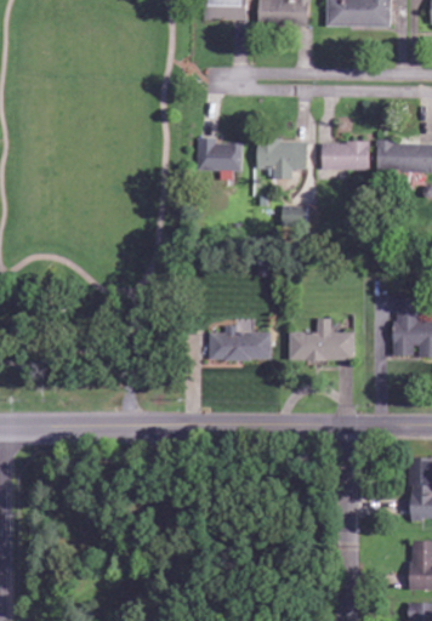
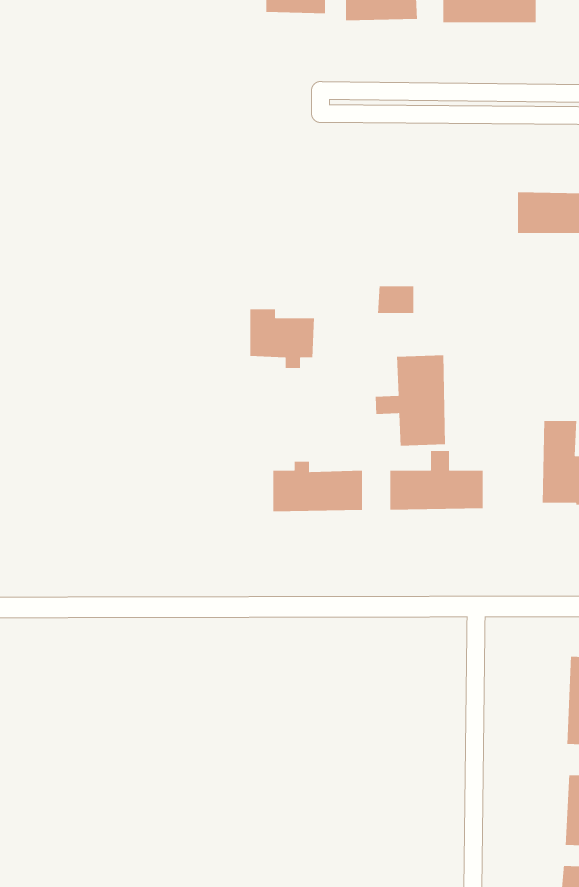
building: [197,137,241,178] -> [249,309,315,369]
building: [256,141,307,178] -> none
building: [322,142,369,171] -> none
building: none -> [375,354,446,446]

